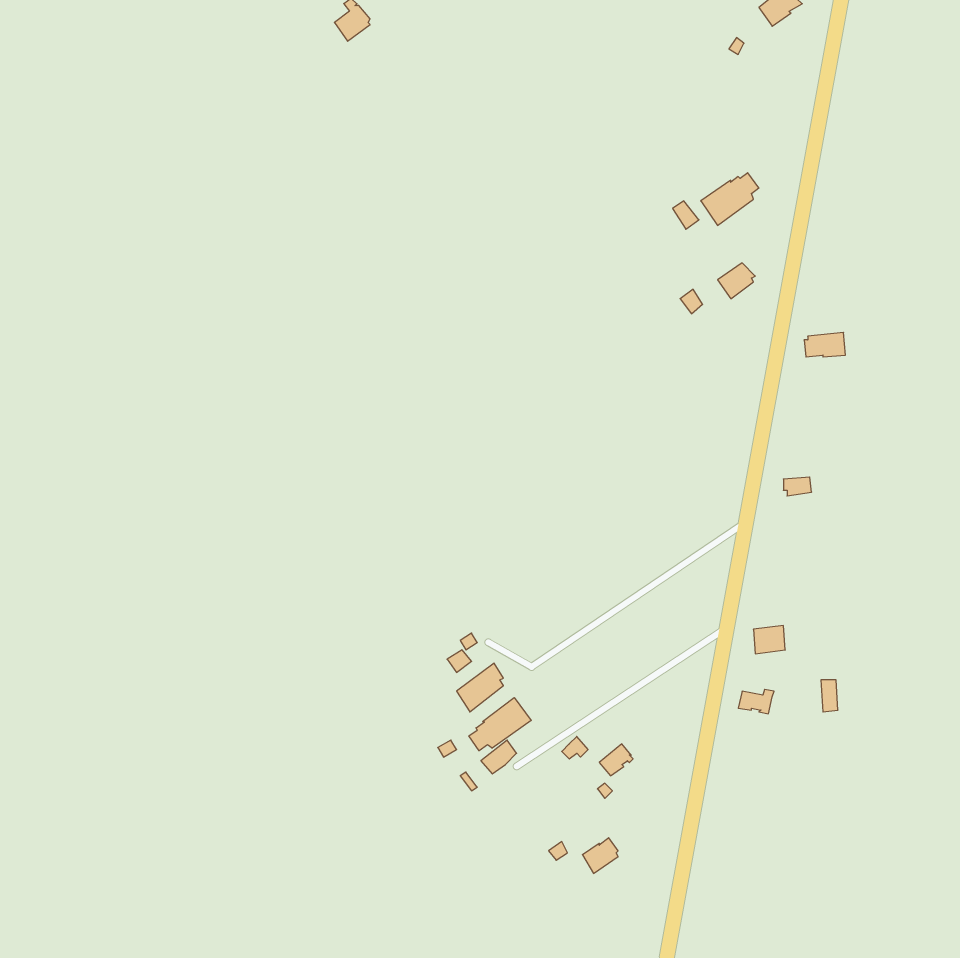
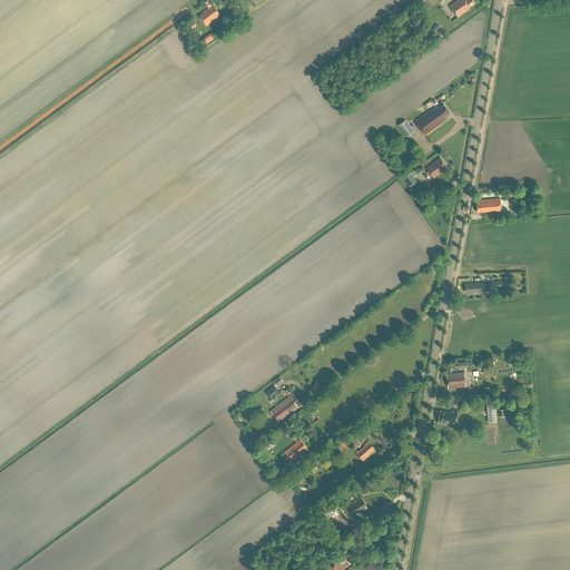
building: [469,698,531,751] -> none

